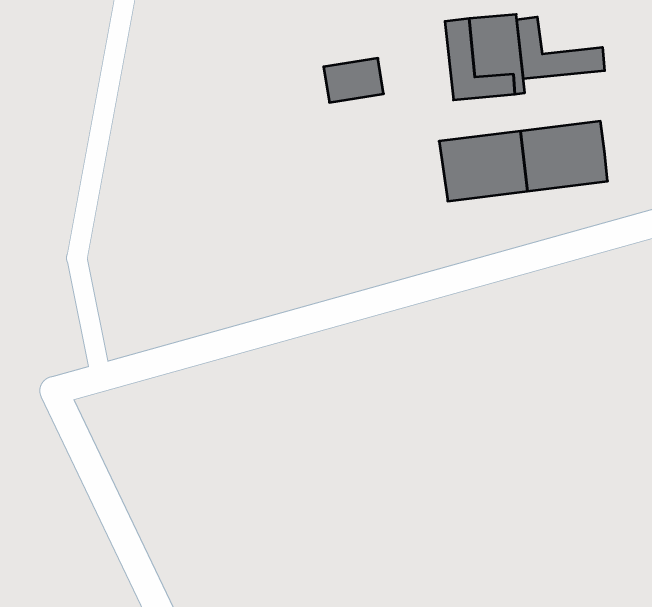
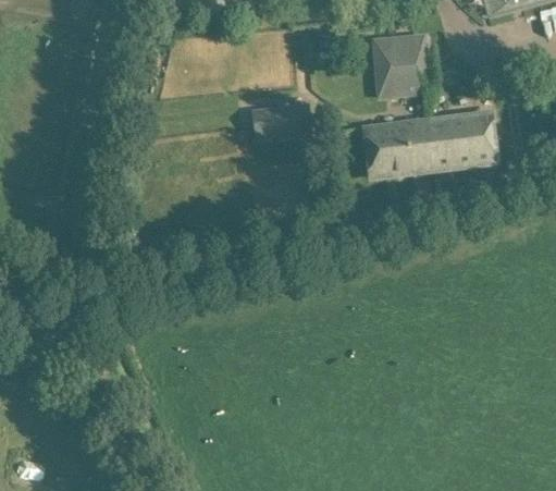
building: [517,17,605,79] -> none
building: [324,58,384,102] -> [254,105,299,138]

